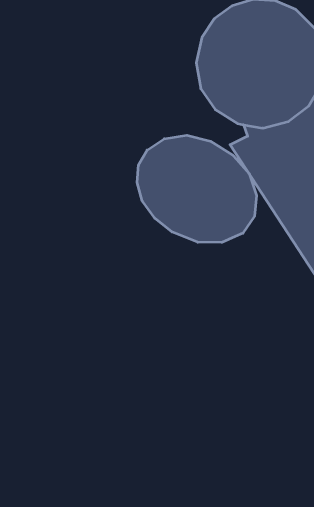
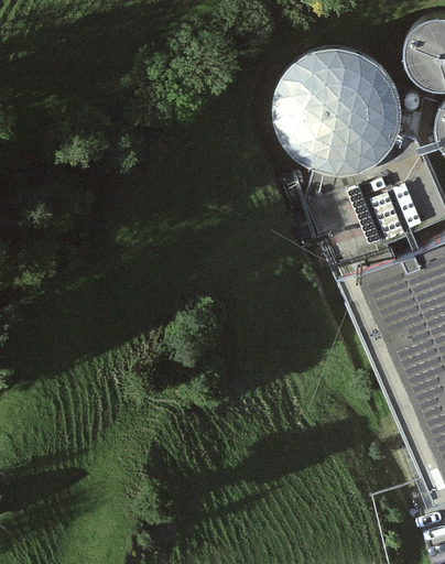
building: [137,135,257,242] -> none

